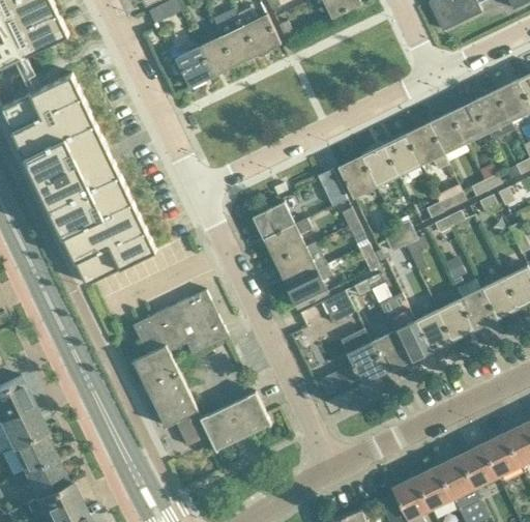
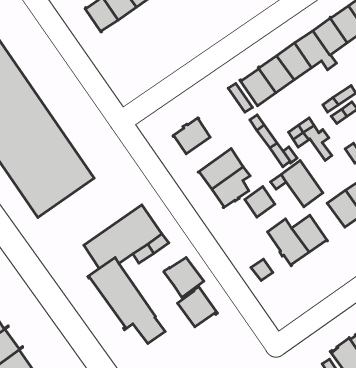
building: [264,219,312,262] -> none
building: [392,320,430,363] -> none
building: [200,406,243,452] -> [164,257,204,298]

